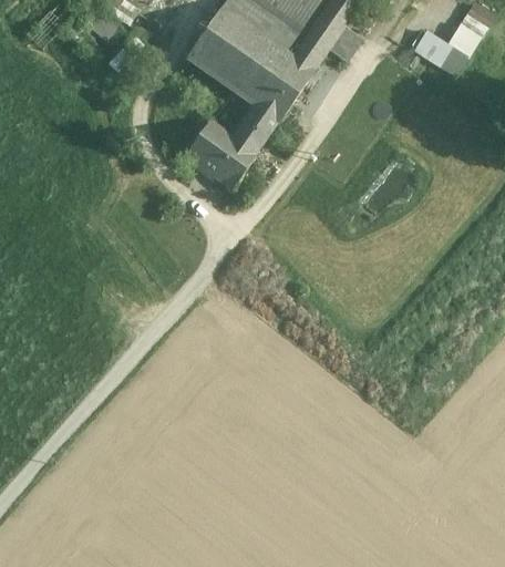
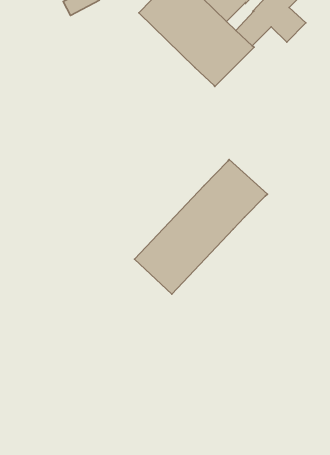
building: [183,105,277,189] -> none
building: none -> [135,160,267,294]

